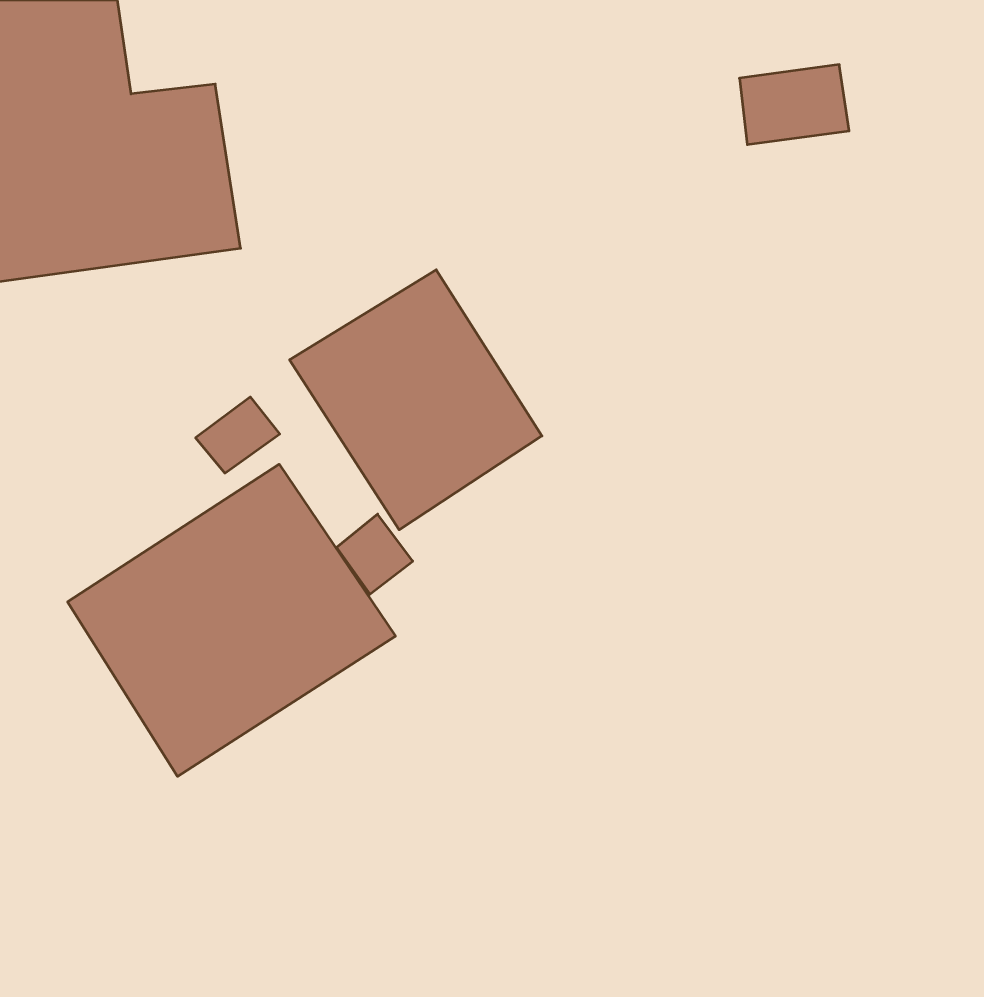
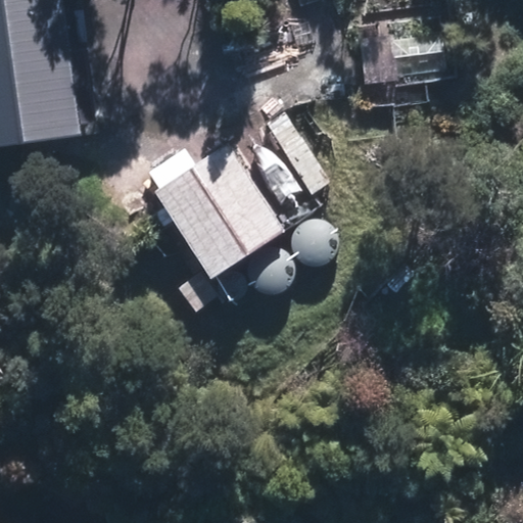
building: [68,464,395,776] -> none

